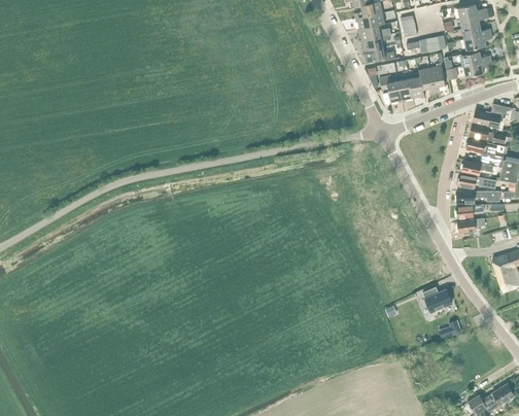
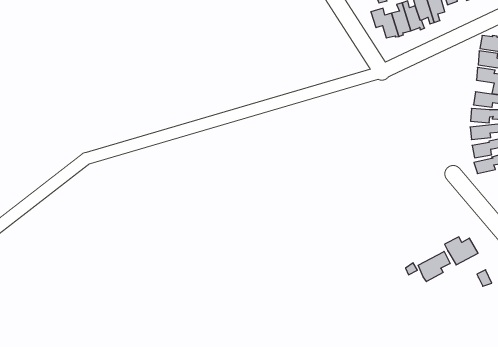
building: none -> [418,251,450,282]

